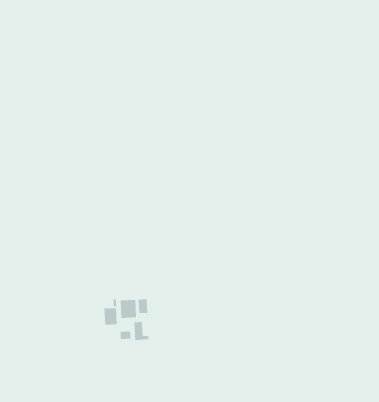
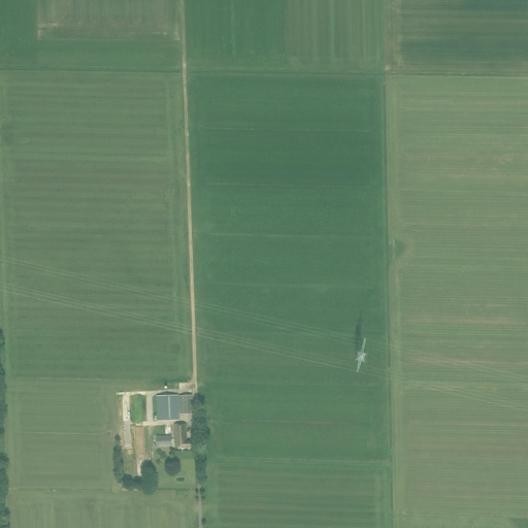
building: [104,308,118,325] -> none

